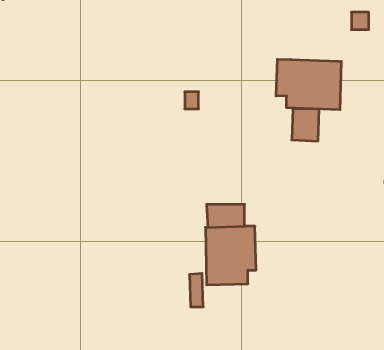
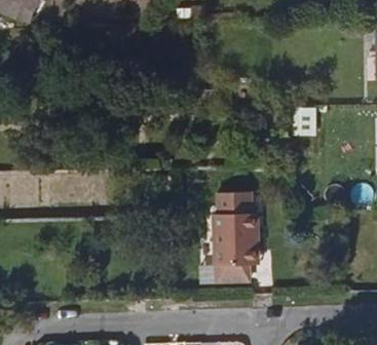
building: [276,59,341,110] -> none

